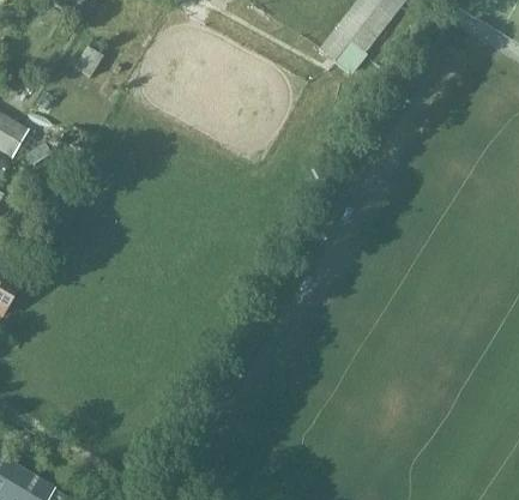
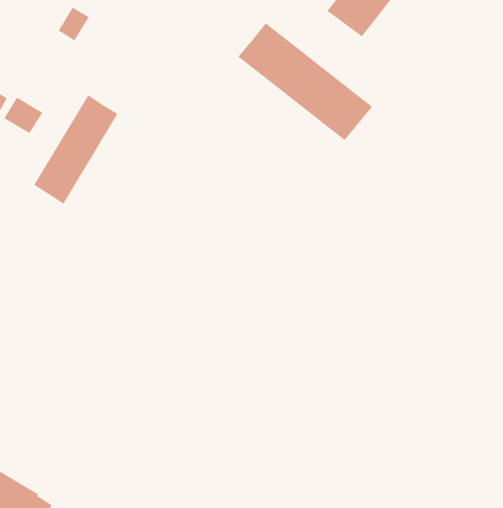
building: none -> [237,23,373,141]
building: none -> [34,94,118,205]

